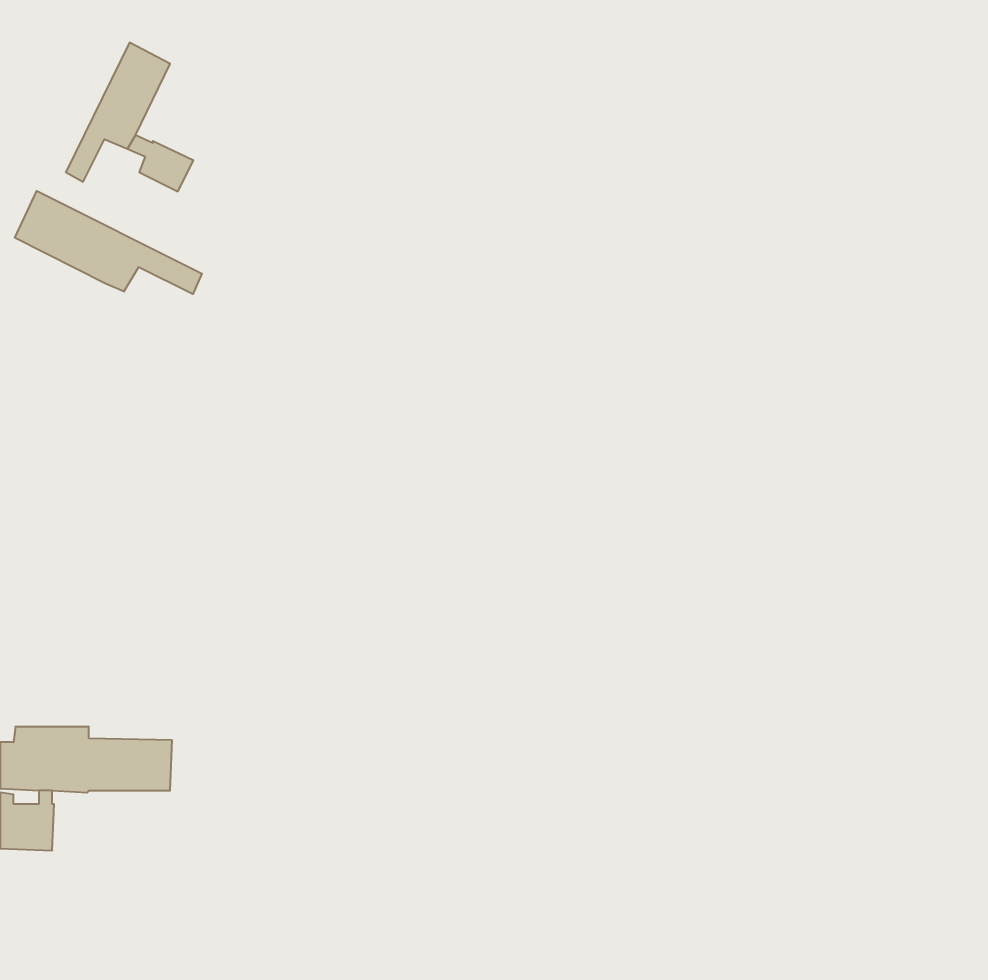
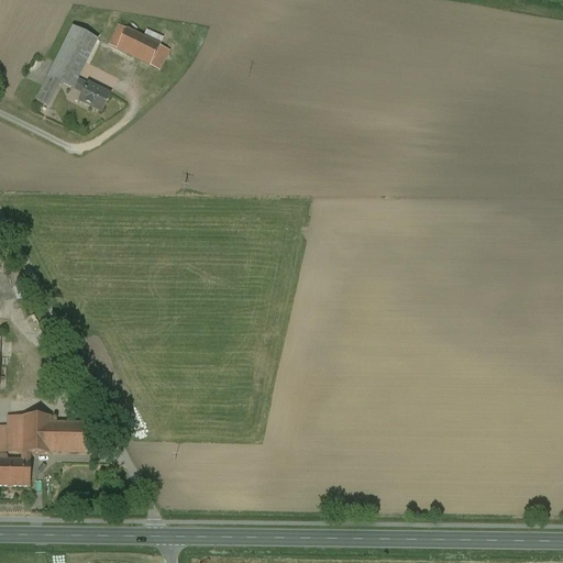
building: none -> [109,22,169,68]
building: [15,191,202,294] -> none

